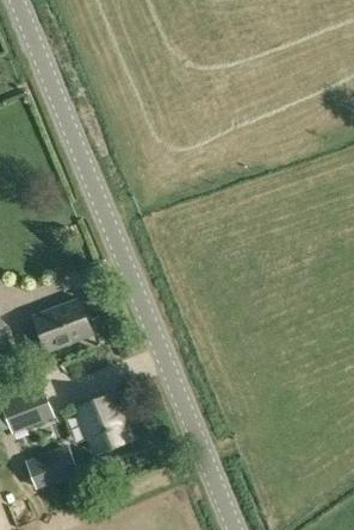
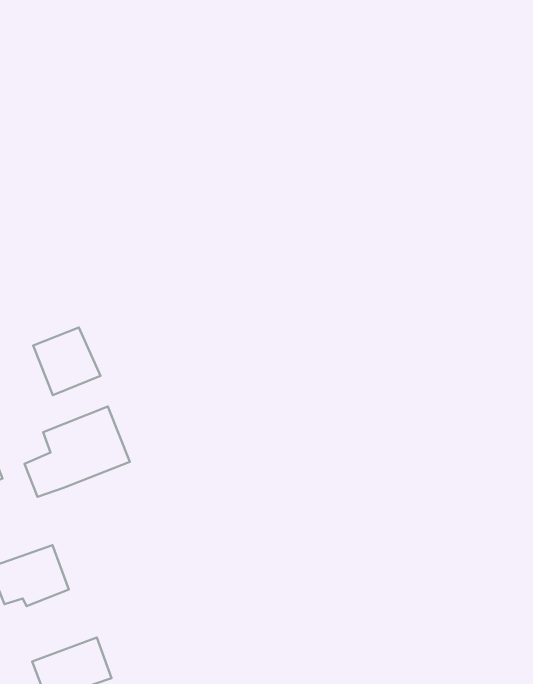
building: none -> [33,328,100,395]
building: [76,394,130,453] -> none

